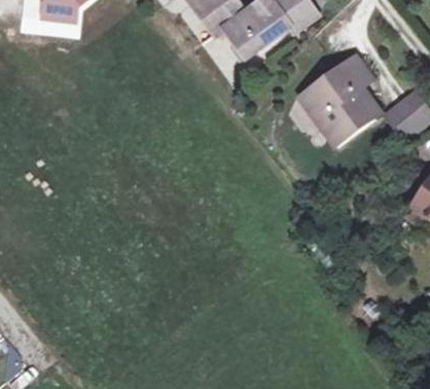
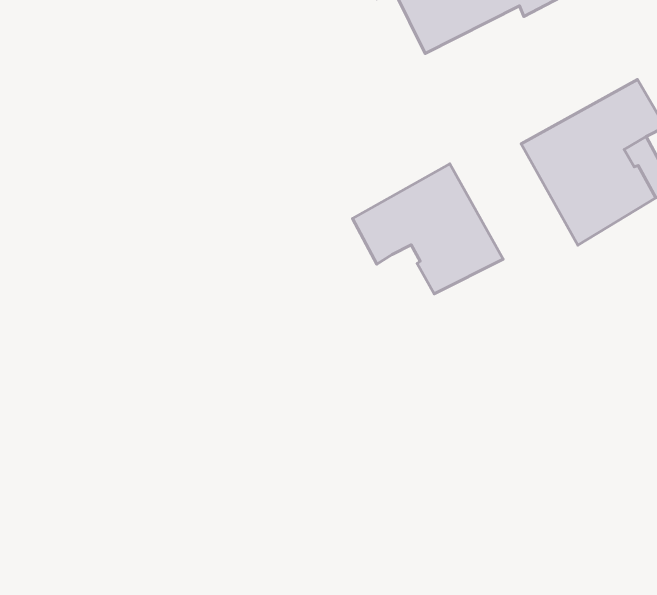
building: none -> [352,164,503,294]

